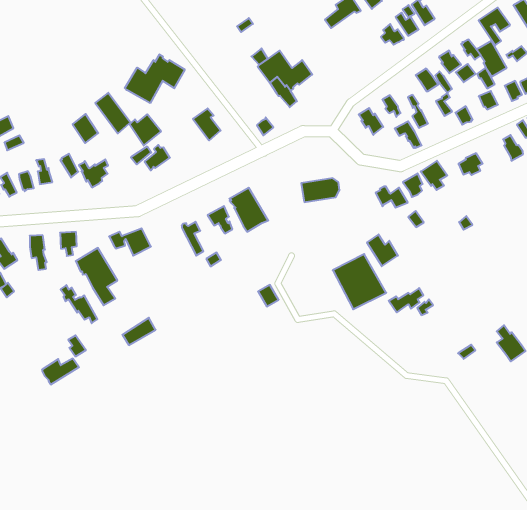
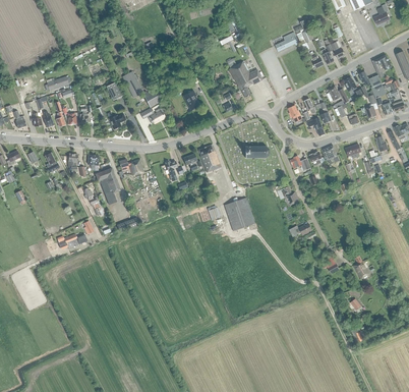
building: [125,54,185,103] -> none
building: [333,254,386,309] -> [224,197,255,230]

